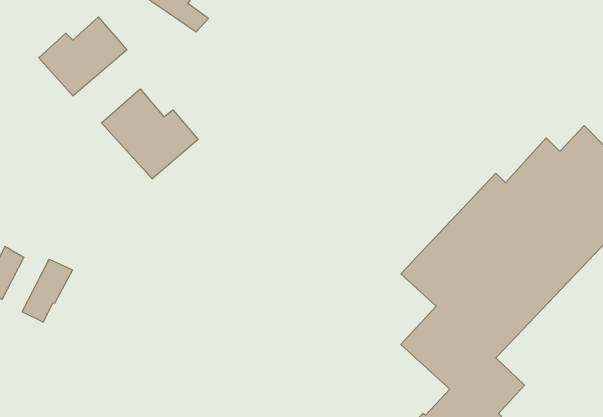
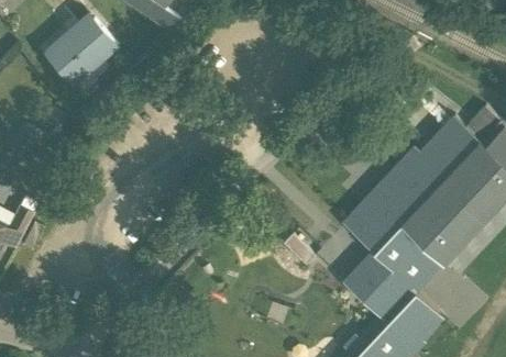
building: [101,89,198,179] -> none
building: [22,259,72,322] -> none

